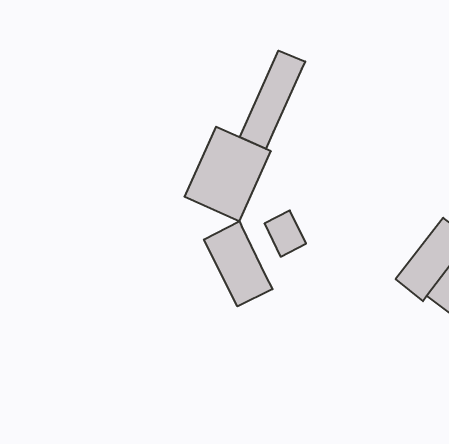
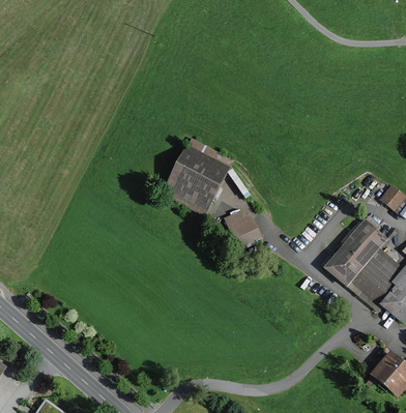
building: [240,51,305,149] -> none
building: [204,221,273,306] -> none

